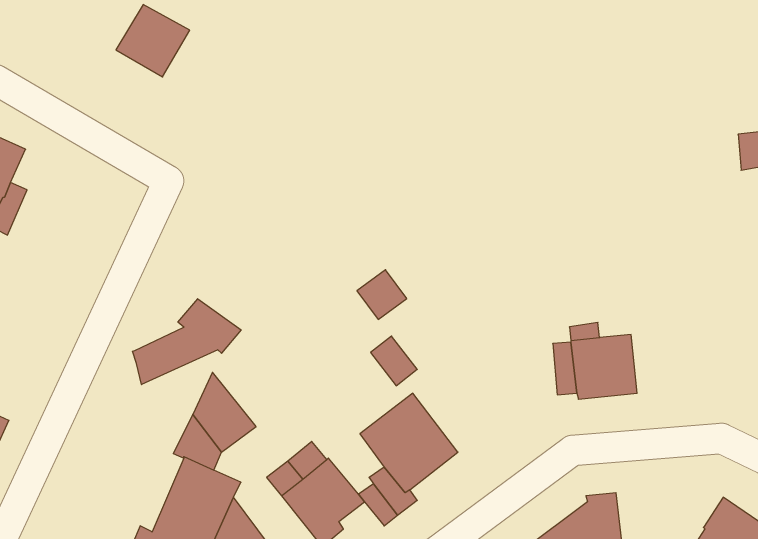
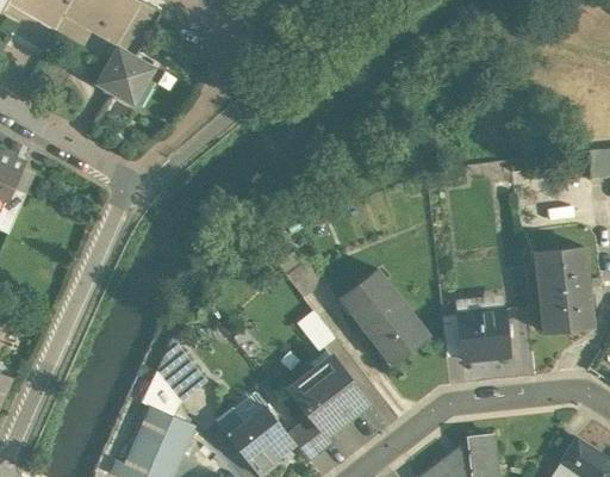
building: none -> [535,247,592,332]
building: none -> [341,268,429,364]
building: [133,299,241,385] -> none

